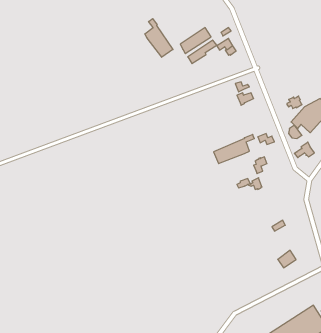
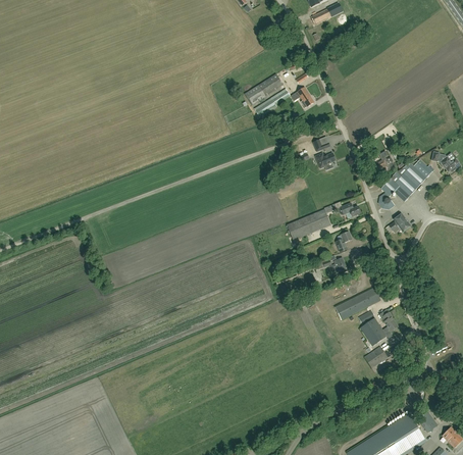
building: [145,19,173,57] -> none
building: none -> [335,285,384,320]
building: none -> [360,312,398,346]

